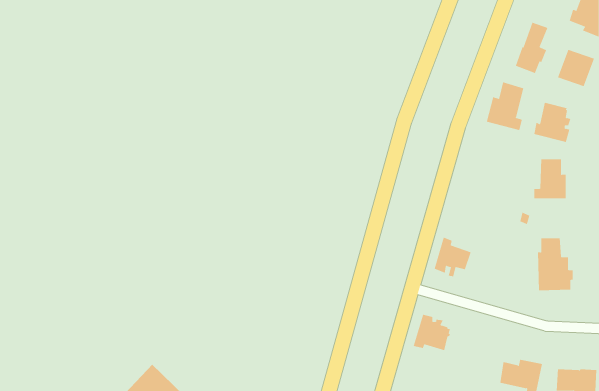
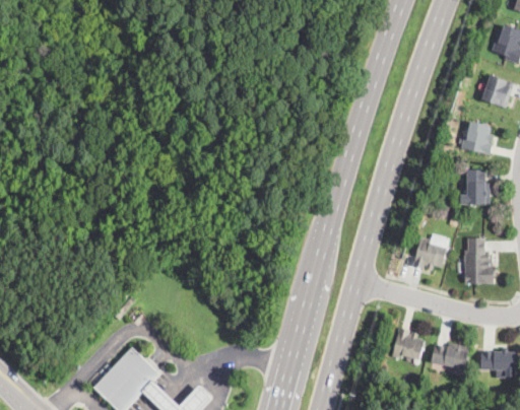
building: [515,22,548,74] -> none
building: [486,81,524,131] -> none
building: [434,237,471,277] -> [413,237,446,272]
building: [413,314,451,351] -> [392,328,425,359]

